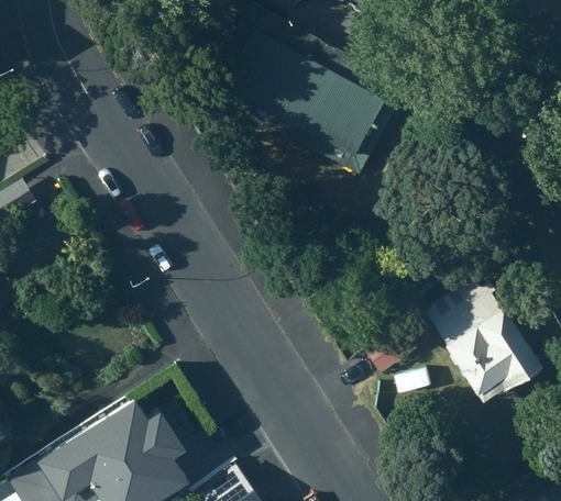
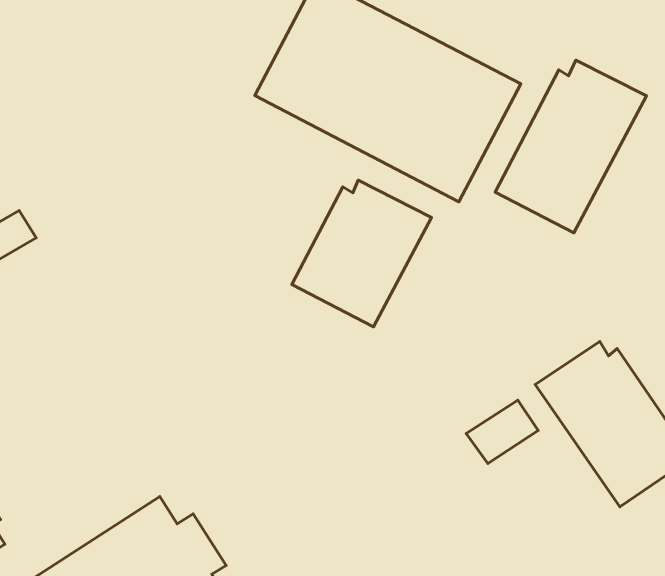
building: none -> [495,60,647,233]
building: none -> [292,180,432,327]

